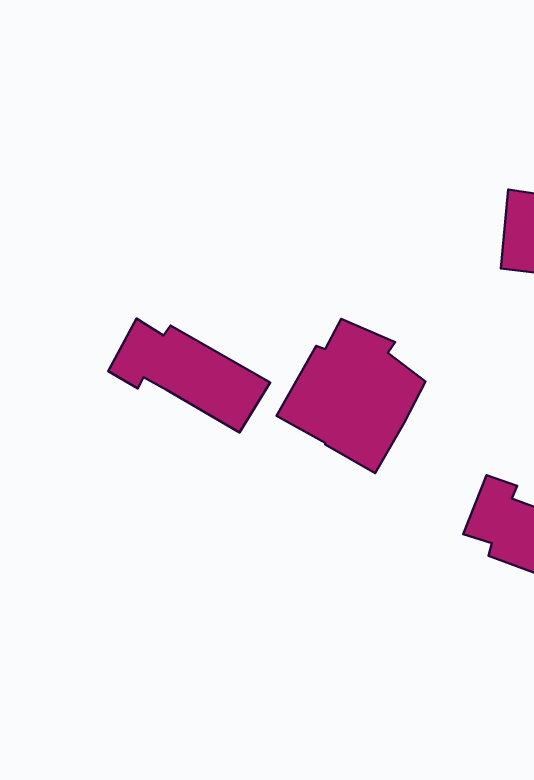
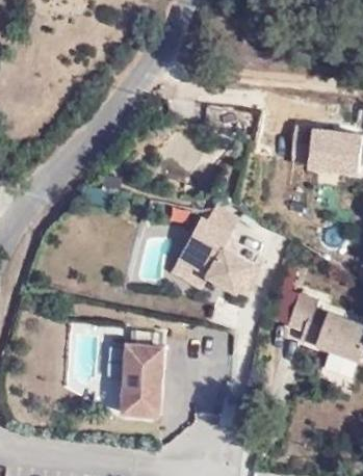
building: [108,319,270,432] -> none
building: none -> [121,344,162,416]

